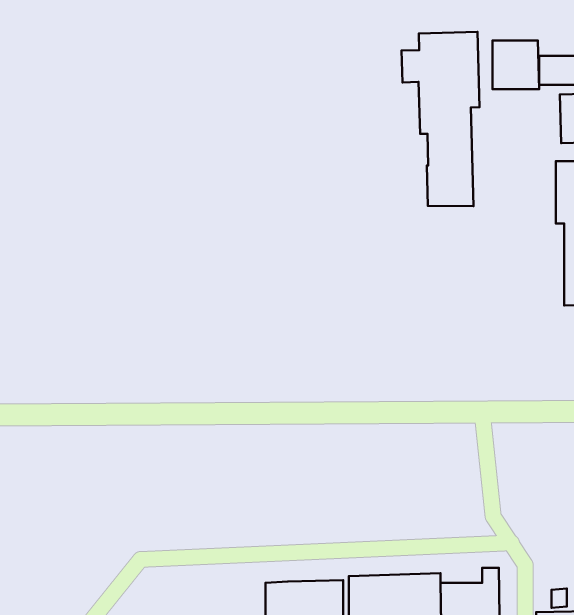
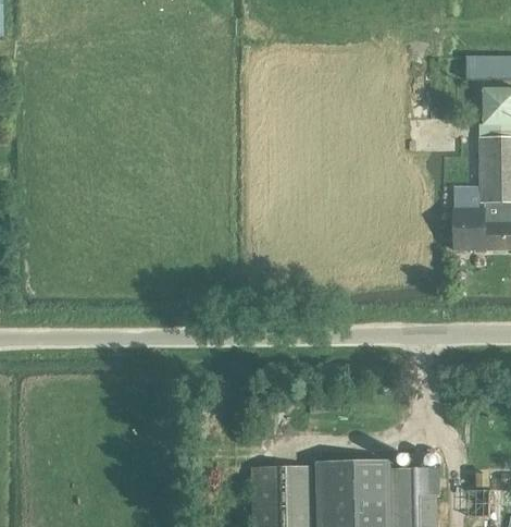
building: [402,32,480,206] -> none
building: [493,41,539,89] -> none
building: none -> [453,188,486,253]

